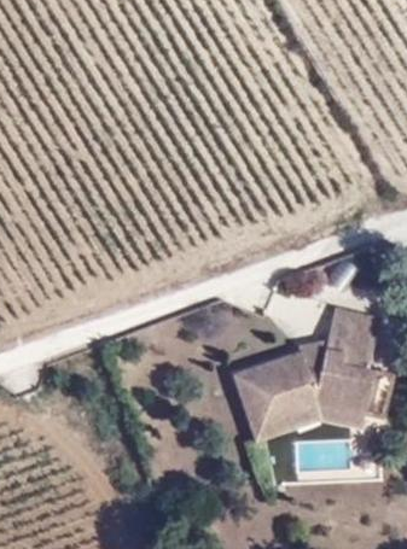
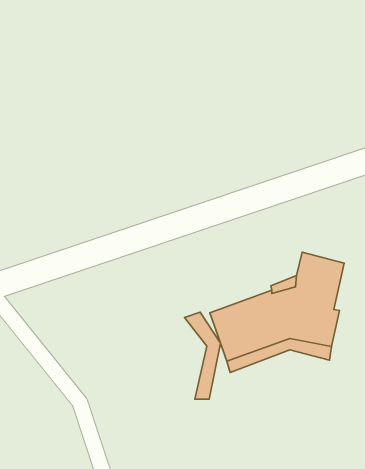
building: none -> [184,312,220,399]

